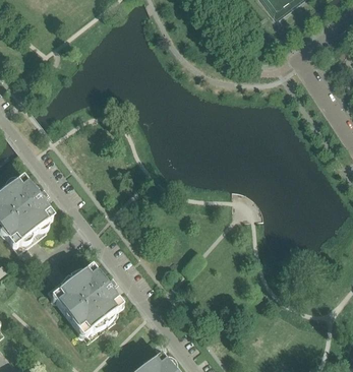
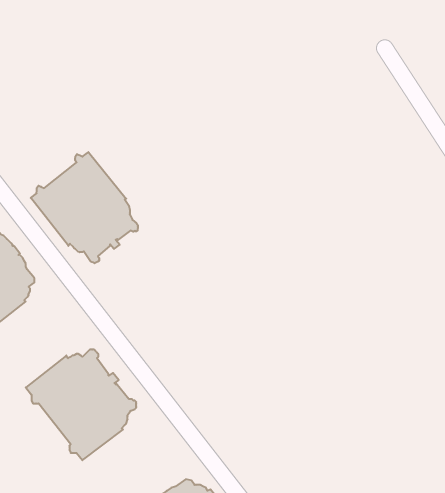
building: none -> [31,152,138,263]

